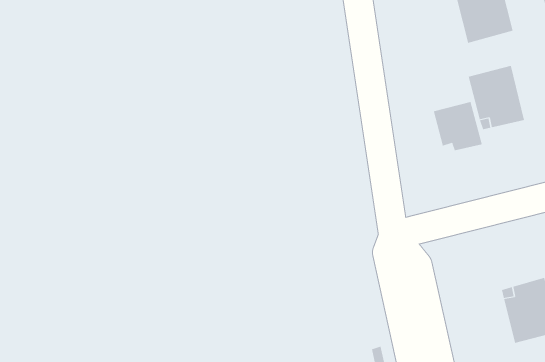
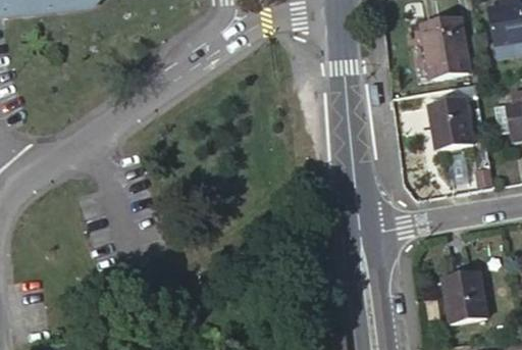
building: [433,101,482,151] -> none

